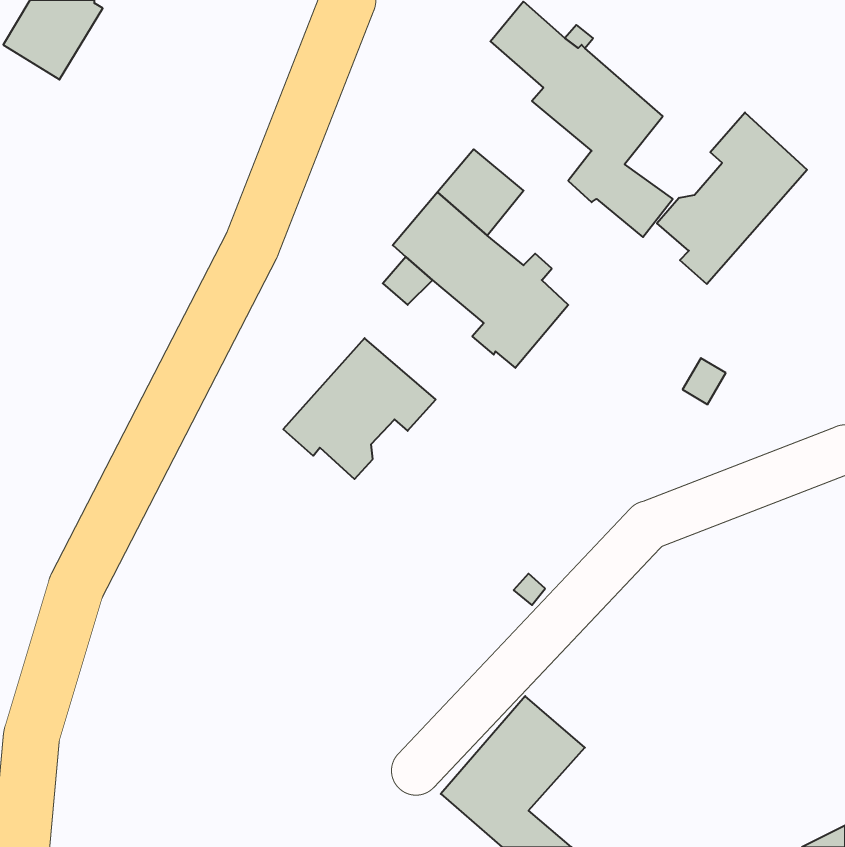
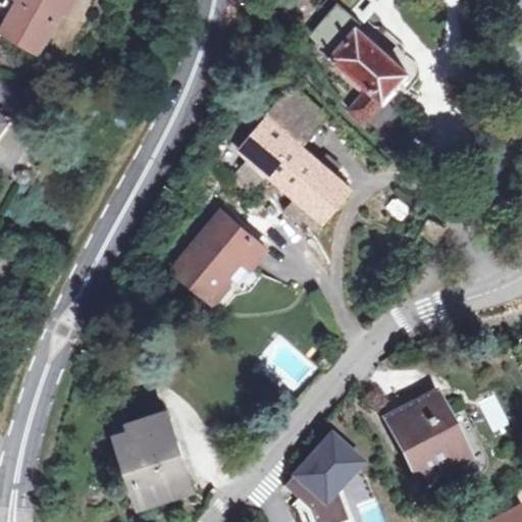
building: [657,112,807,284] -> none
building: none -> [387,396,467,481]
building: none -> [112,412,190,504]

